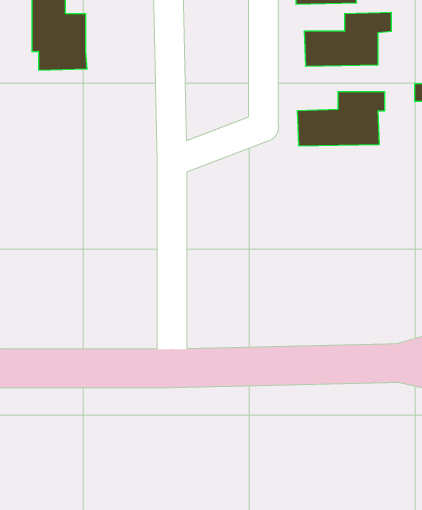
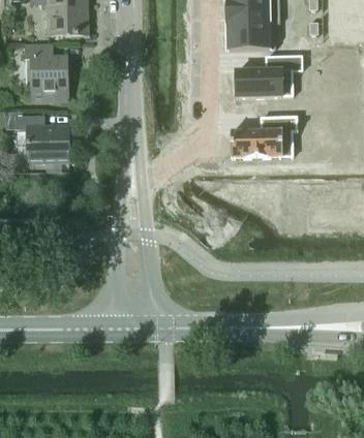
building: none -> [16,114,69,159]

